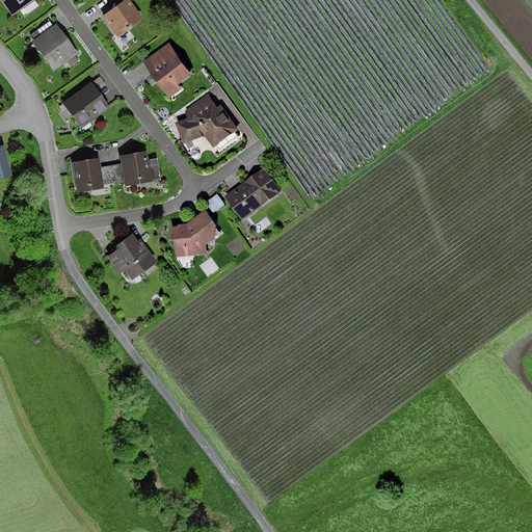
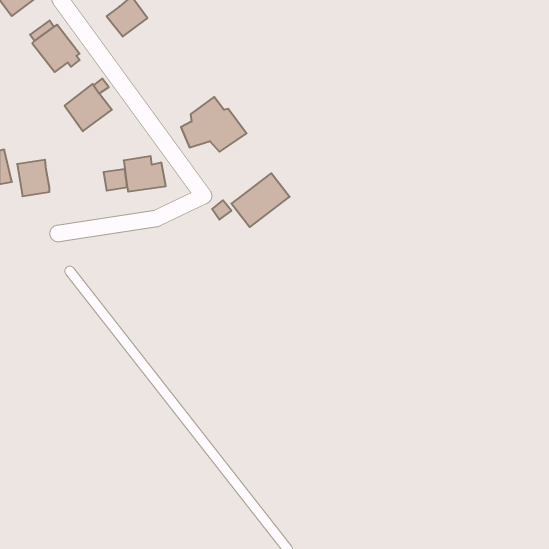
building: [142,44,190,97] -> none
building: [72,157,103,192] -> [17,160,49,196]
building: [168,209,214,257] -> none
building: [107,235,155,278] -> none

